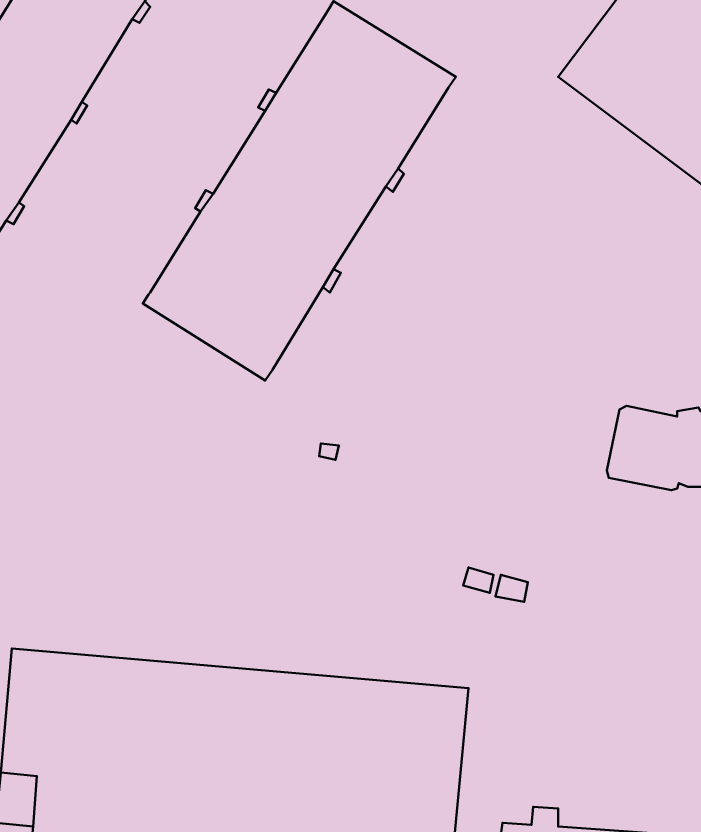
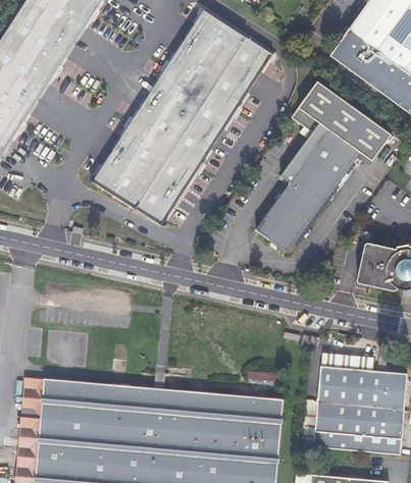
building: none -> [256,78,392,250]
building: none -> [313,367,405,455]

